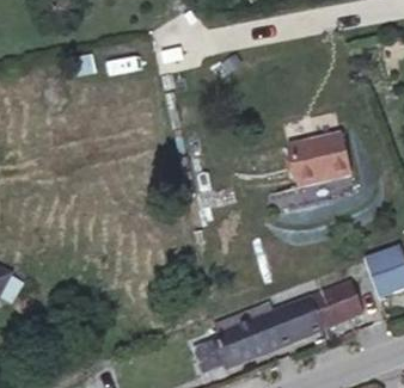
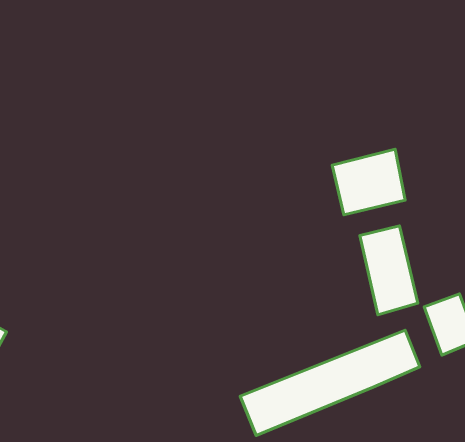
building: none -> [360,226,418,315]

